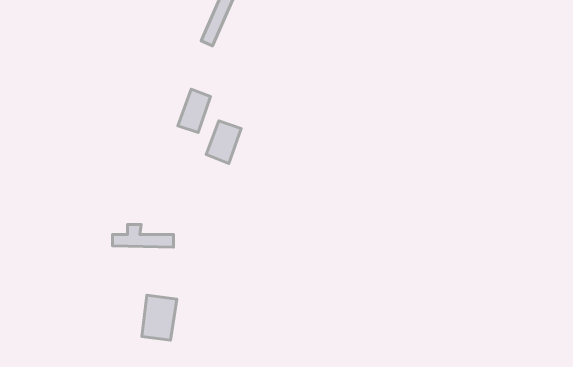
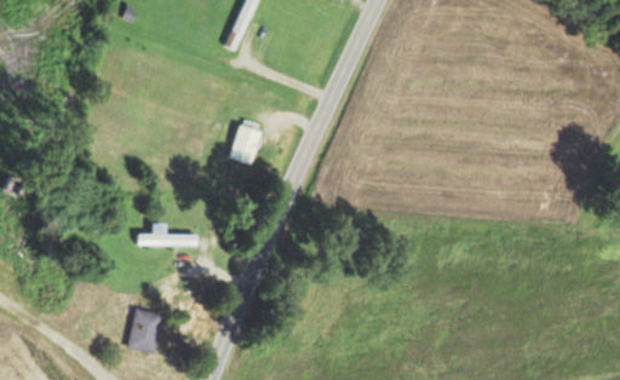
building: [178,89,210,132] -> none
building: [142,295,177,340] -> [127,309,161,352]

